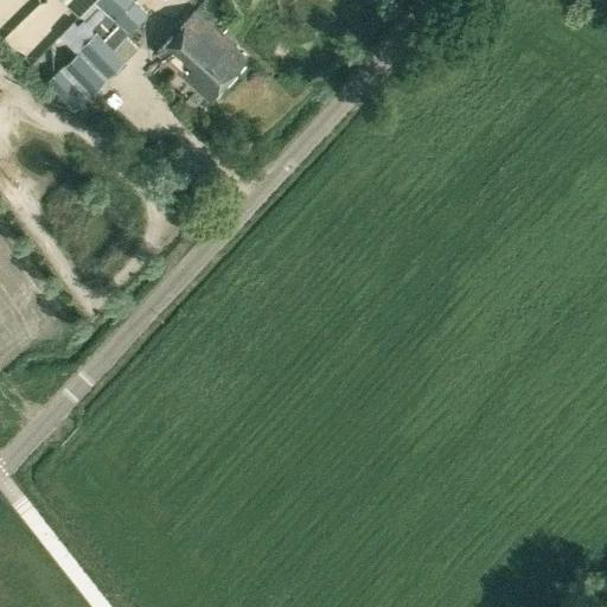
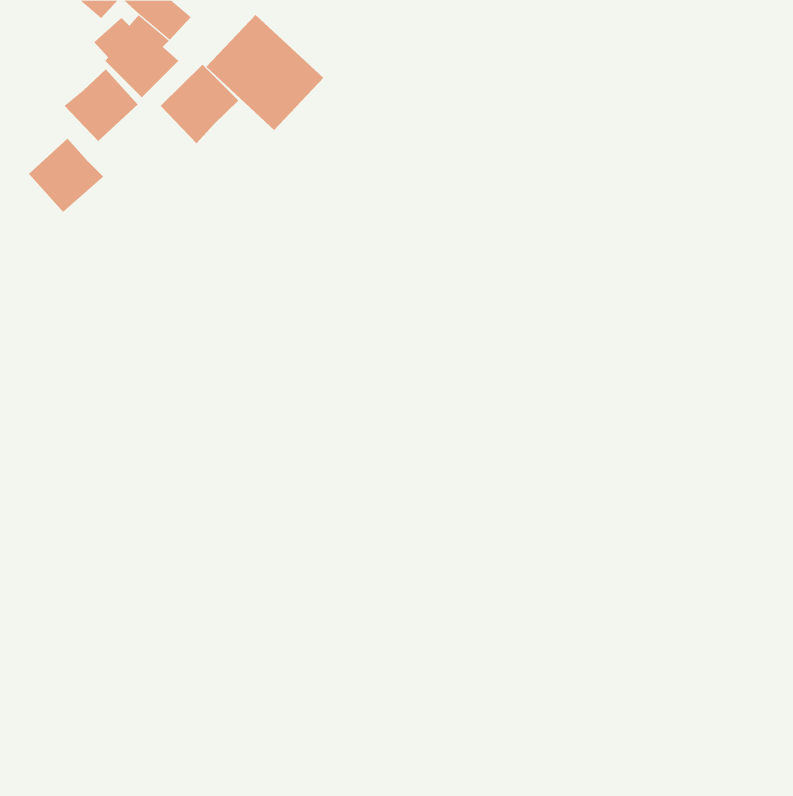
building: none -> [160,64,239,144]
building: none -> [28,138,104,213]

